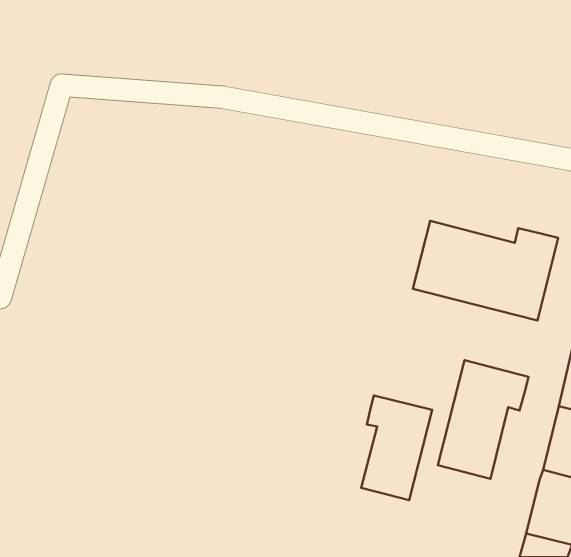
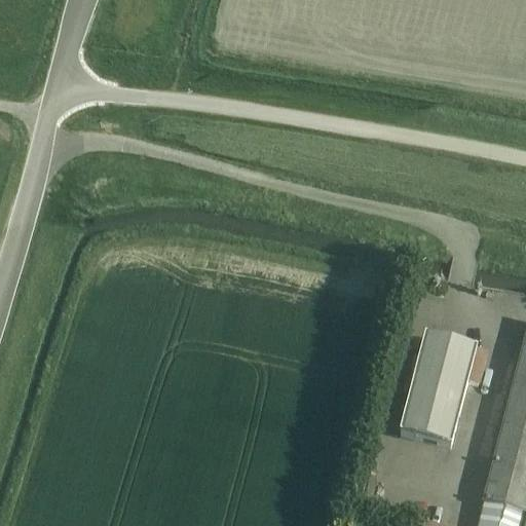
building: [413,221,558,321] -> none
building: [361,396,432,500] -> none

